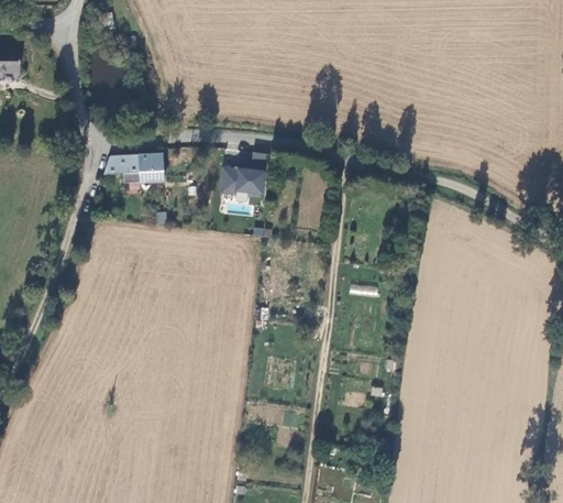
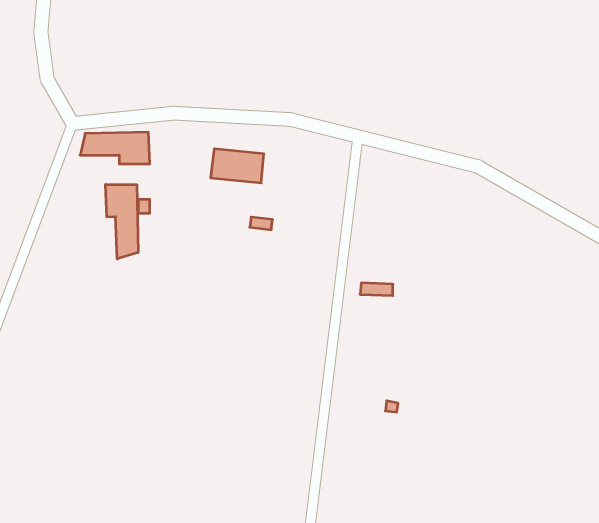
building: none -> [106,184,138,259]

